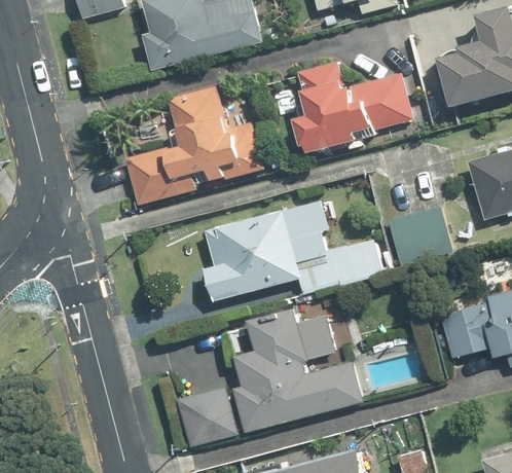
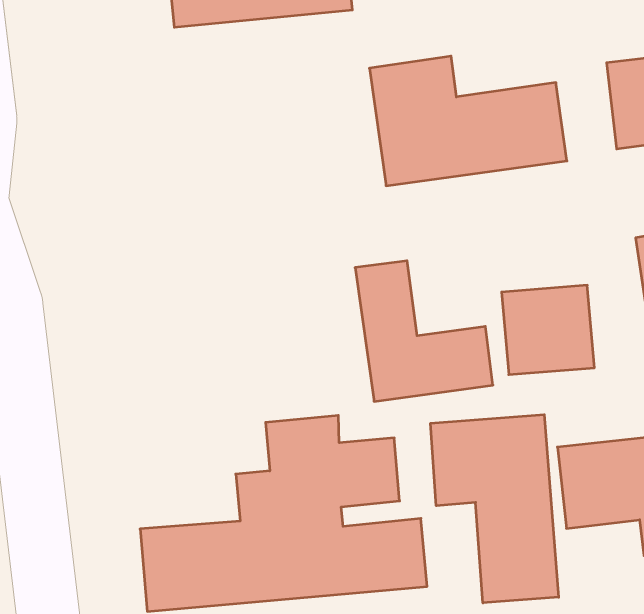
building: [127,86,263,205] -> none
building: [203,212,302,301] -> none
building: none -> [431,415,559,603]

